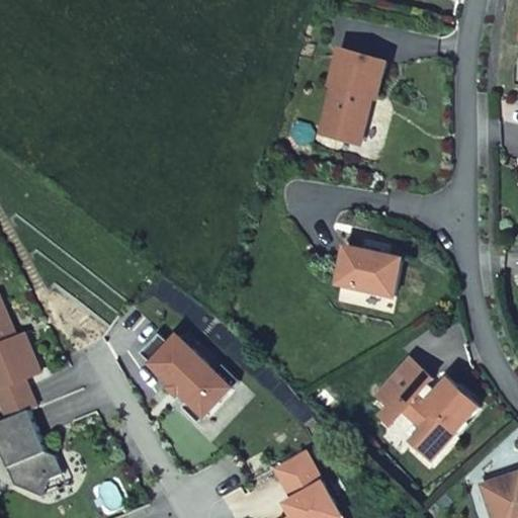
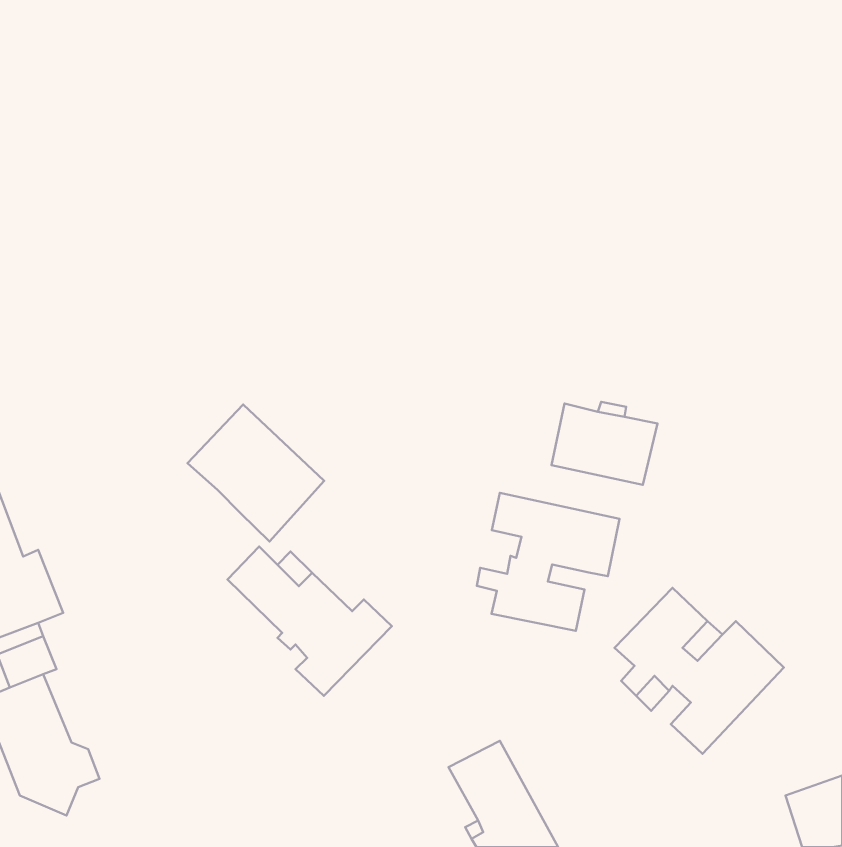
building: [320,49,384,143] -> none
building: none -> [187,404,324,541]
building: none -> [477,493,619,631]

